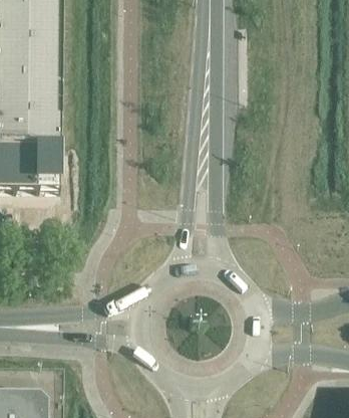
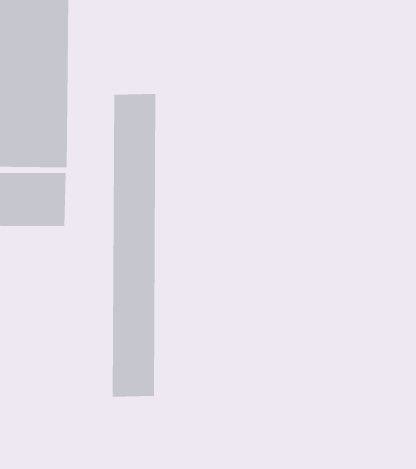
building: none -> [112,93,156,397]

